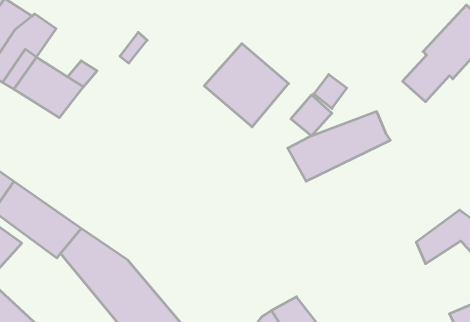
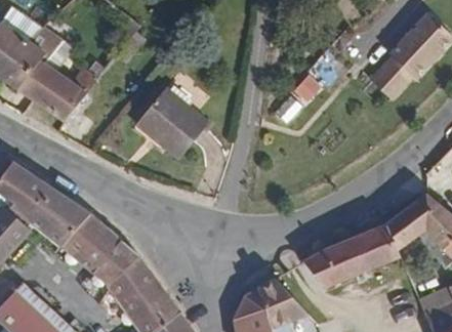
building: [204,44,289,127] -> [132,87,208,162]
building: [288,112,390,181] -> [304,226,397,289]

